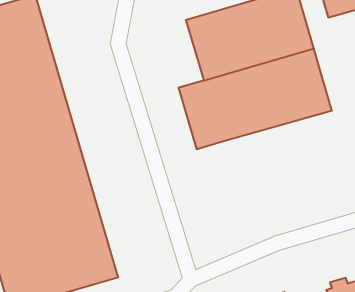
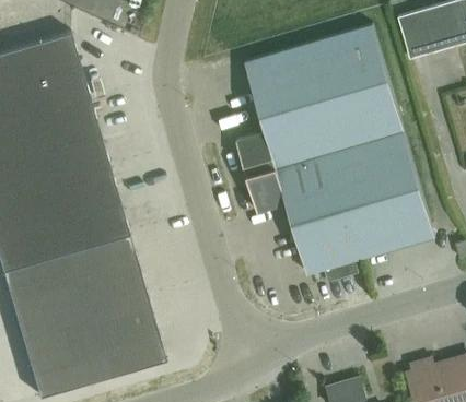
building: none -> [286,167,434,274]

